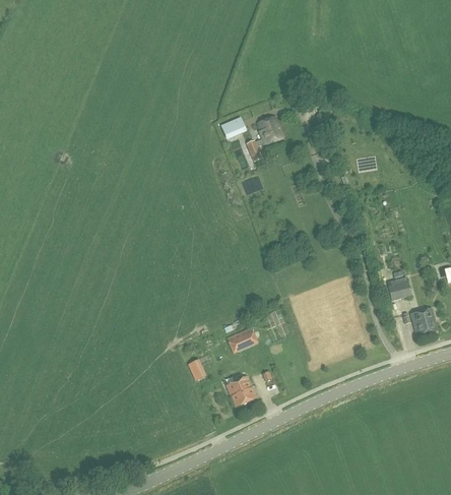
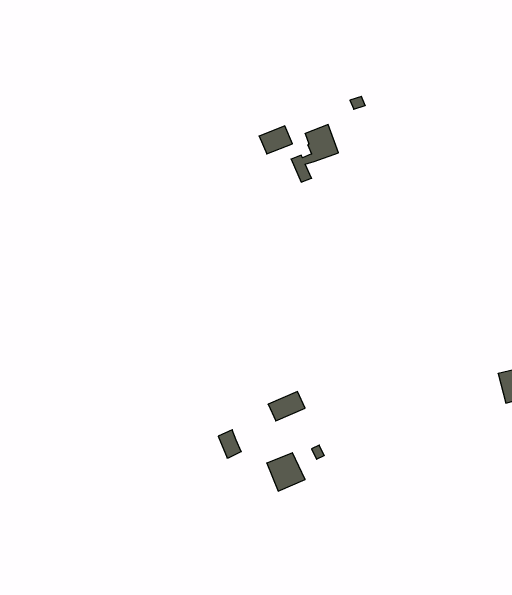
building: [386,276,411,299] -> none

